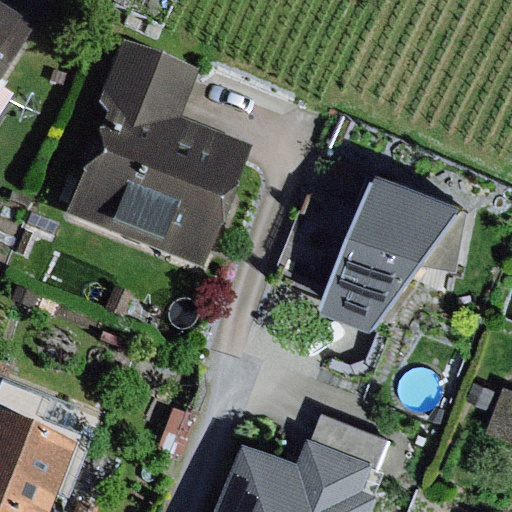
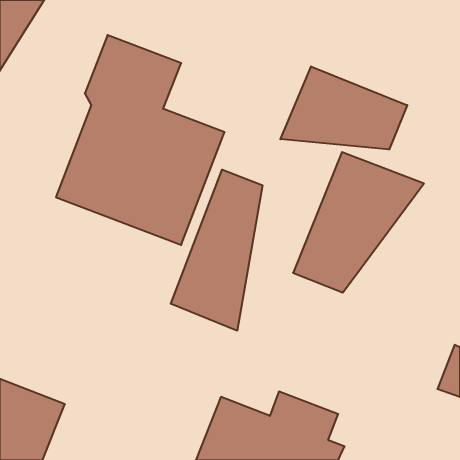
building: none -> [280,66,407,150]
building: none -> [171,170,263,331]

